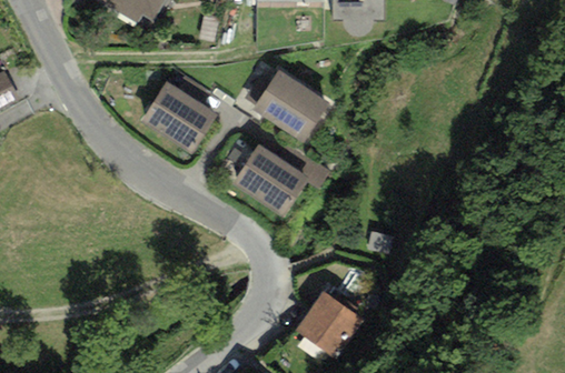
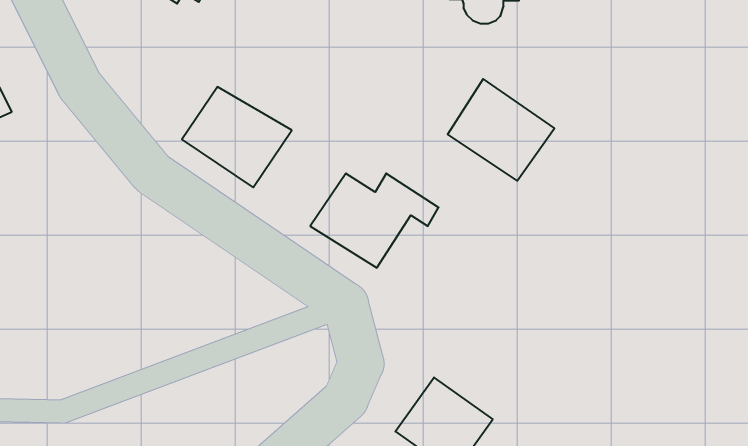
building: [252,68,329,141] -> [448,79,554,181]

